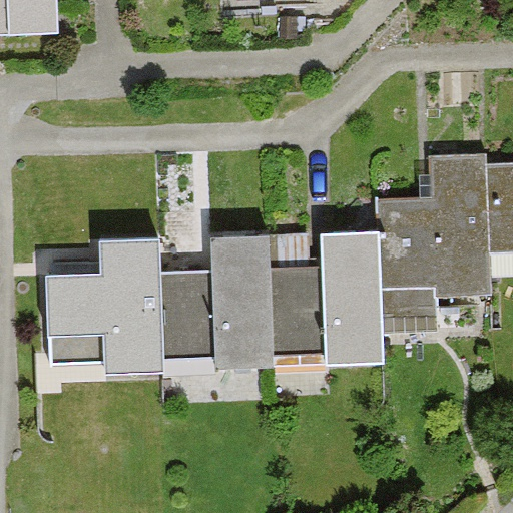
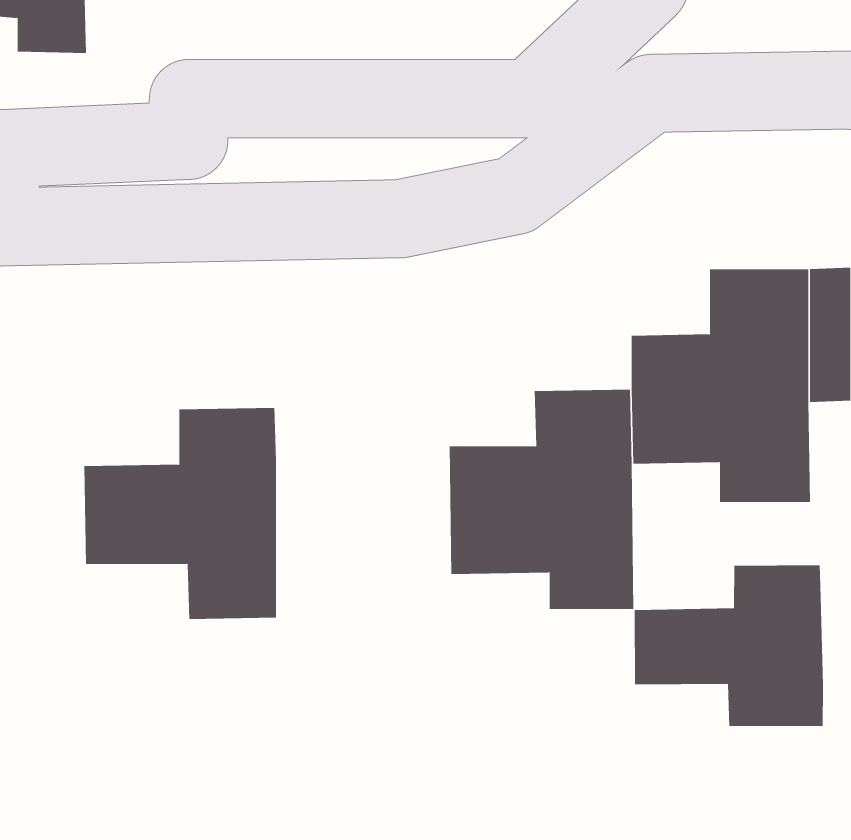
building: [166,239,271,368] -> none
building: none -> [634,565,824,727]

